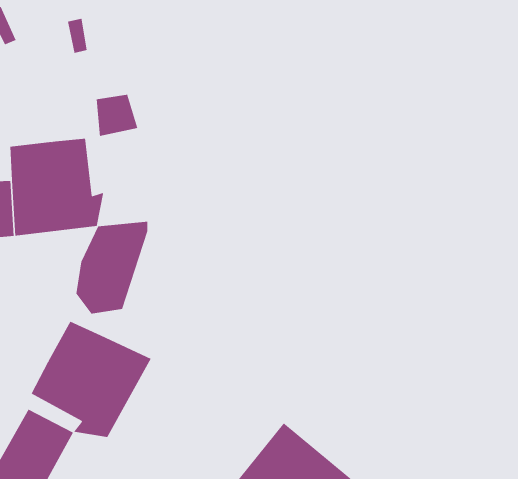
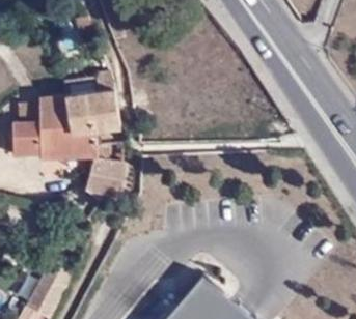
building: none -> [79,95,115,137]
building: [31,321,151,438] -> none

